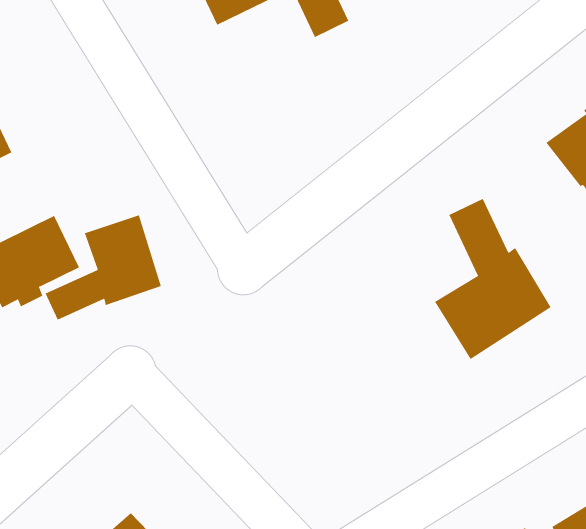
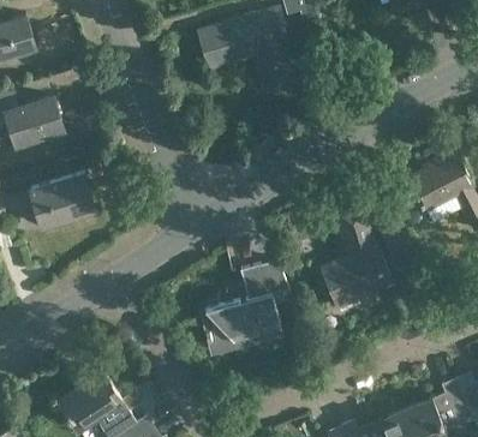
building: [45,214,162,320] -> none
building: none -> [204,261,292,348]

